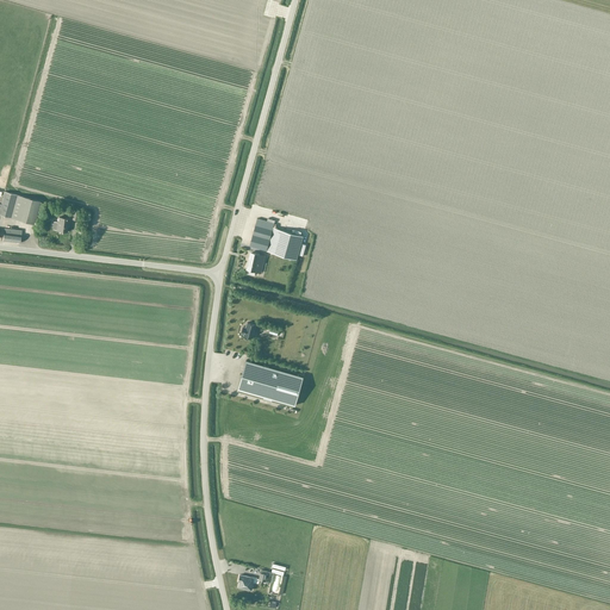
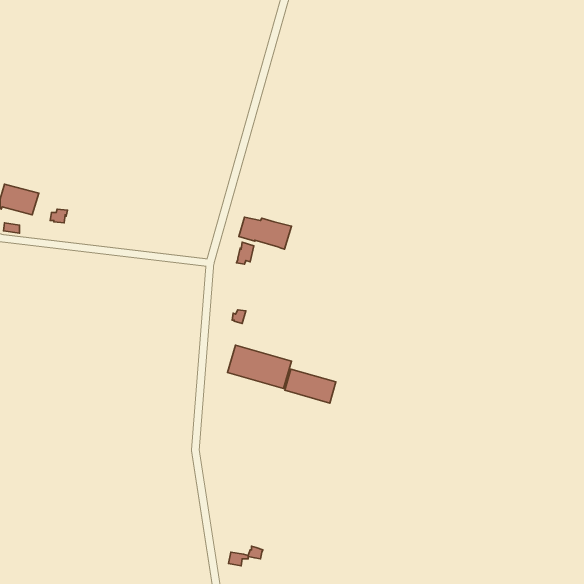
building: none -> [285,369,336,403]

